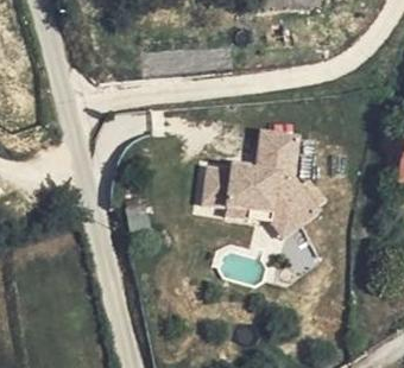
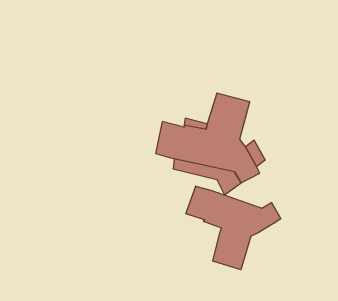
building: none -> [186,186,281,270]

